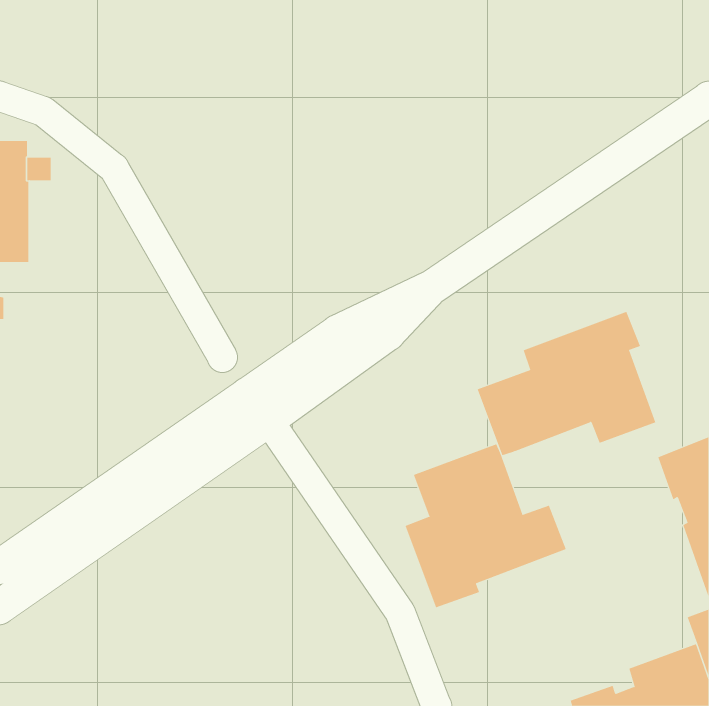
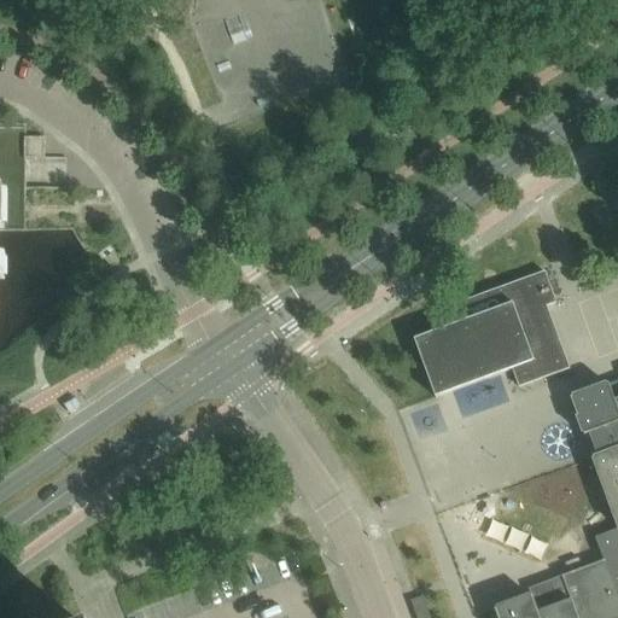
building: [405,443,567,608] -> none

